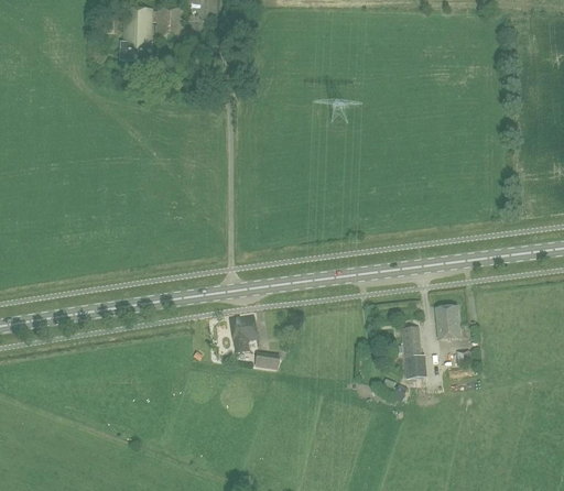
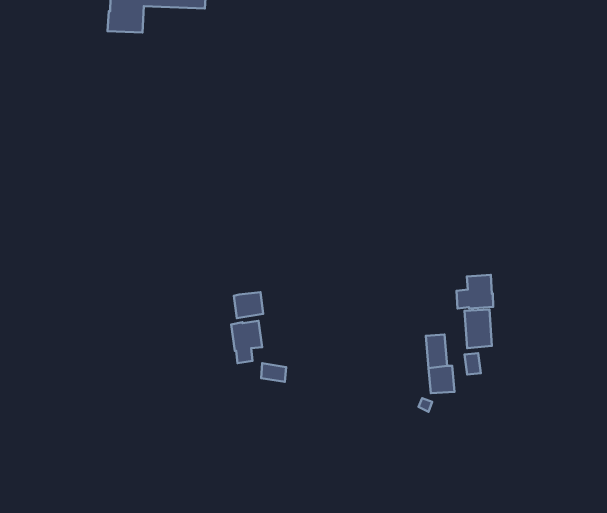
building: none -> [457,275,493,309]
building: none -> [234,292,263,318]

